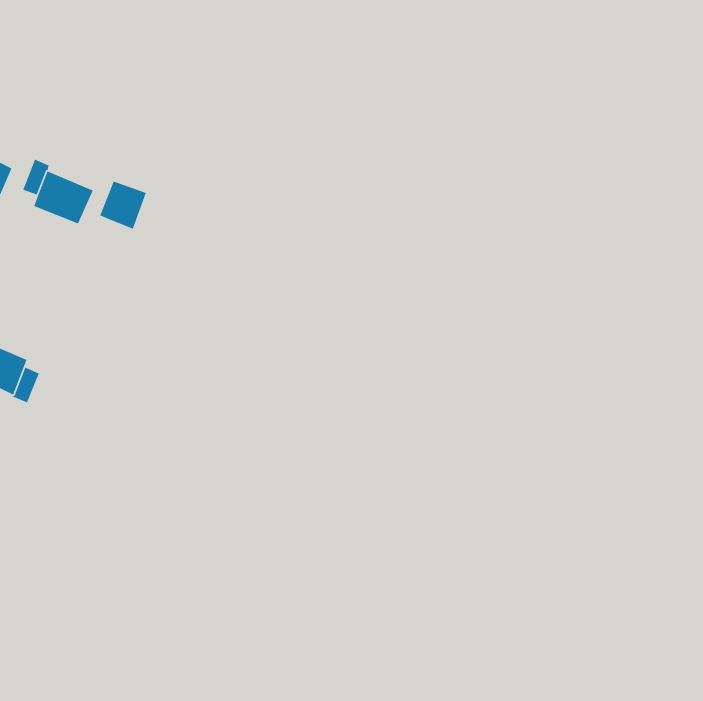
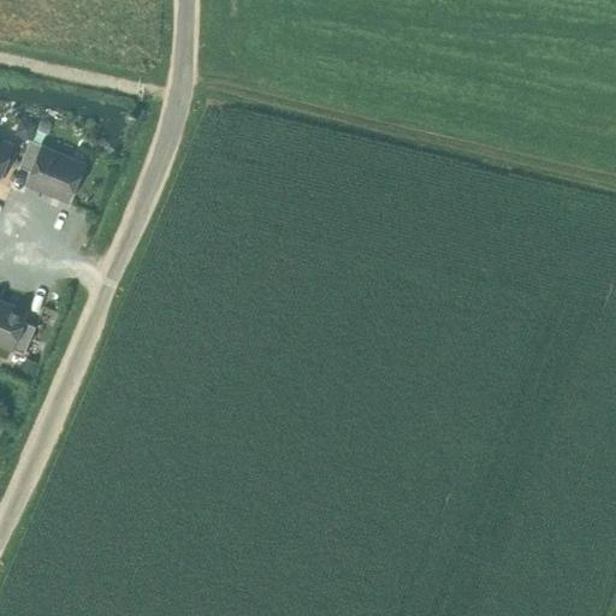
building: [99,180,147,229] -> none

